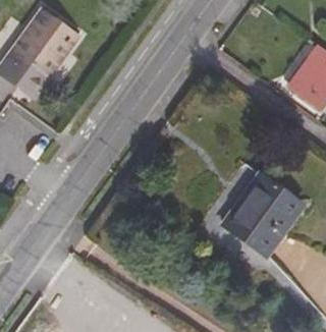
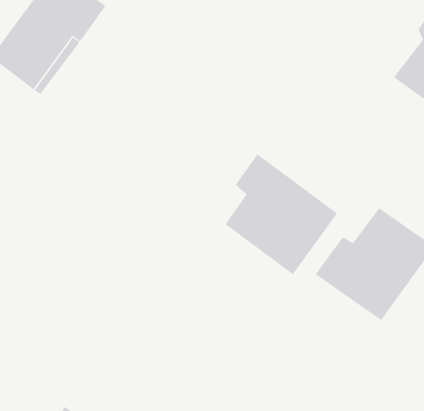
building: none -> [225,153,338,275]

